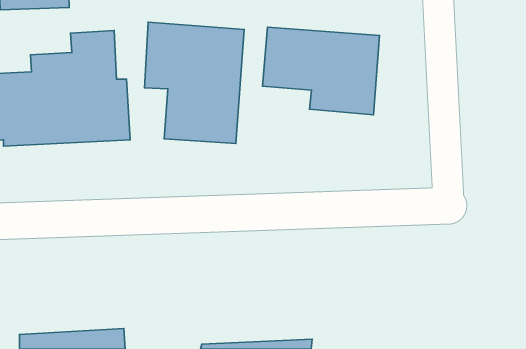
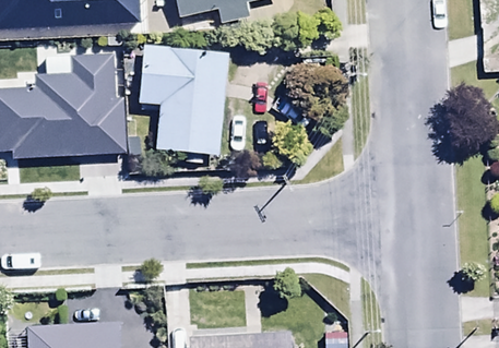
building: [263,27,379,115] -> none

